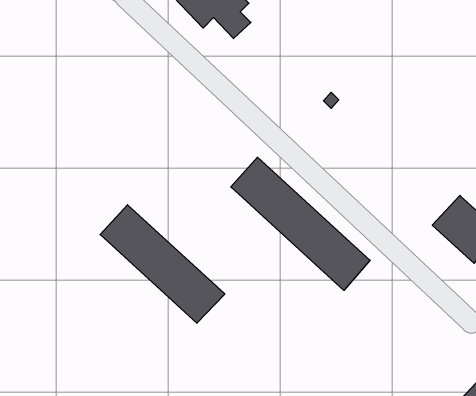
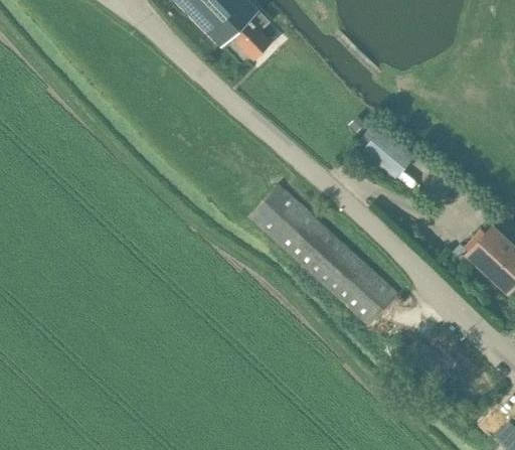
building: none -> [363,131,411,177]
building: [100,205,224,323] -> none

